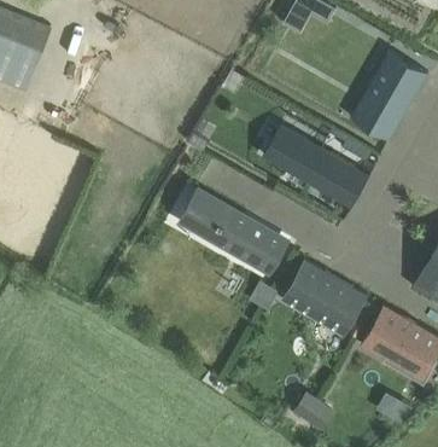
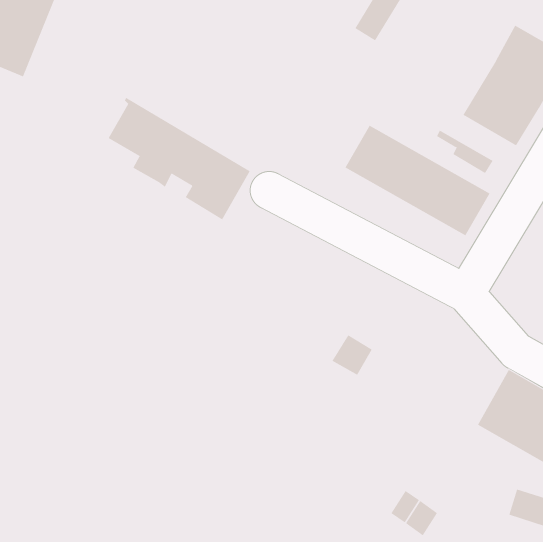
building: [185,187,290,278] -> [108,97,250,220]
building: [282,260,367,336] -> none

